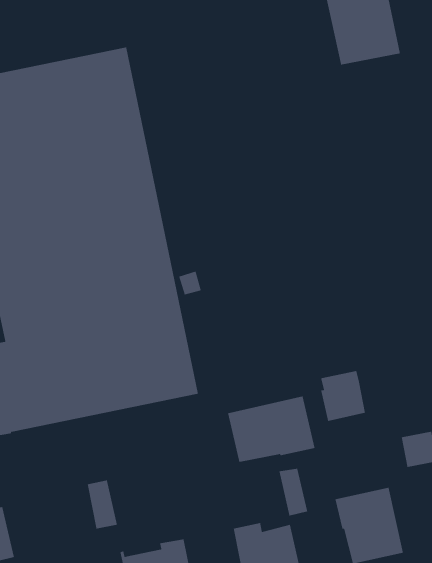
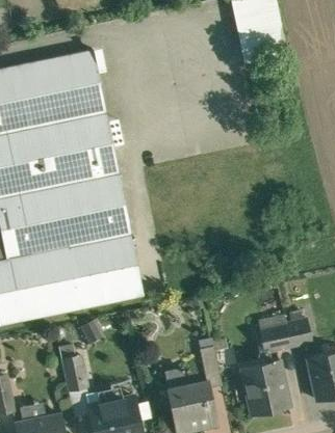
building: [320,370,366,422] -> [258,317,290,353]
building: [227,395,316,465] -> none

